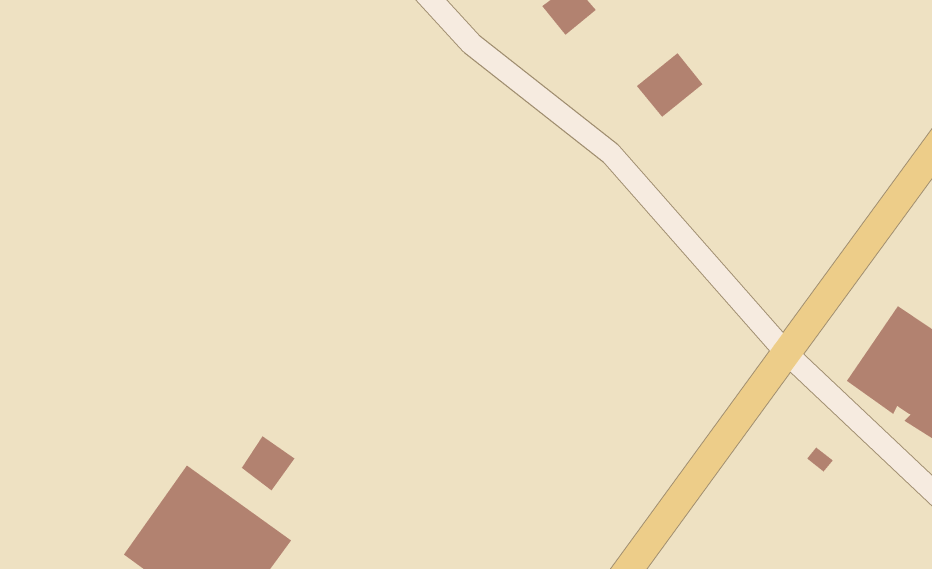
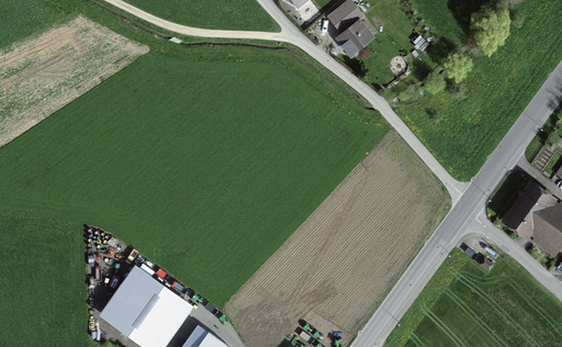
building: [636,52,704,118] -> [335,19,372,55]
building: [241,435,295,492] -> none

